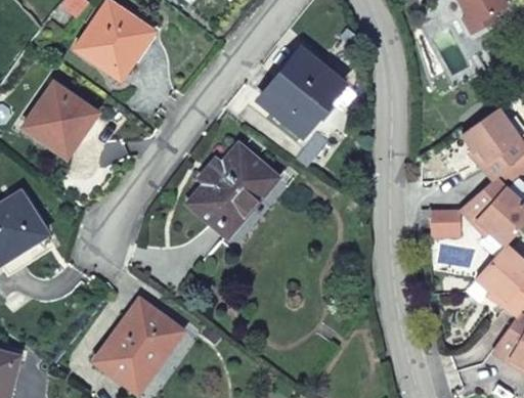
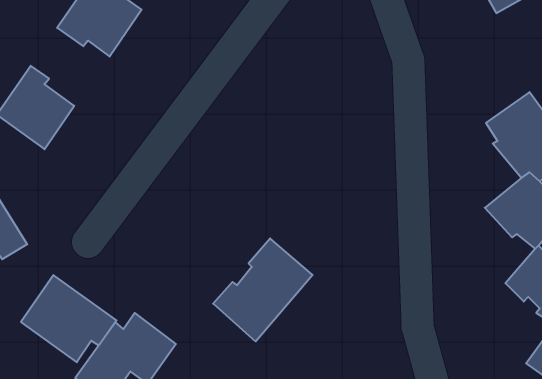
building: [264,49,336,133] -> none
building: [188,144,277,236] -> [213,238,313,341]
building: [431,209,461,237] -> none
building: none -> [21,275,117,362]

